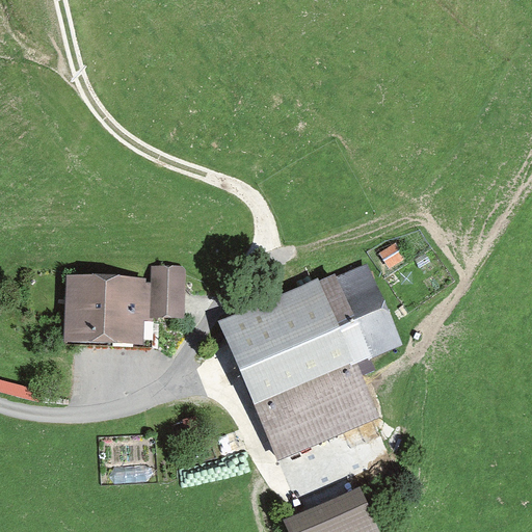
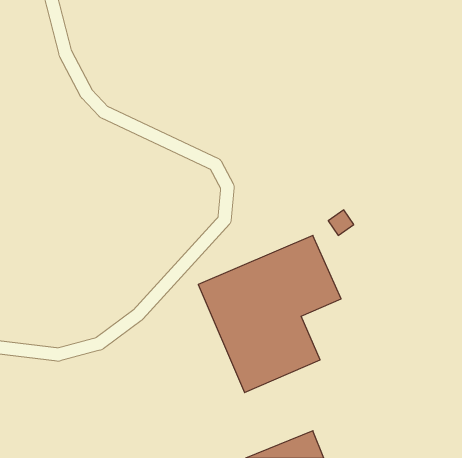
building: [149,262,183,318] -> none
building: [68,281,137,343] -> none

